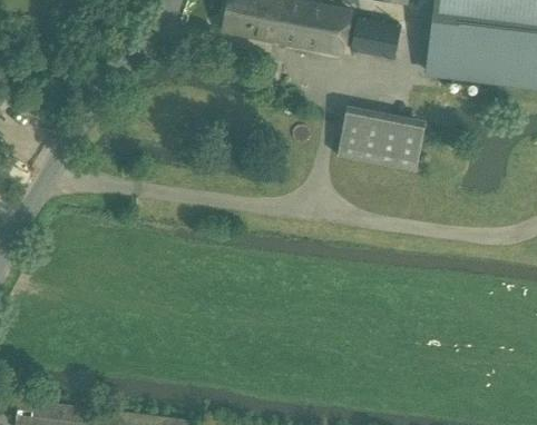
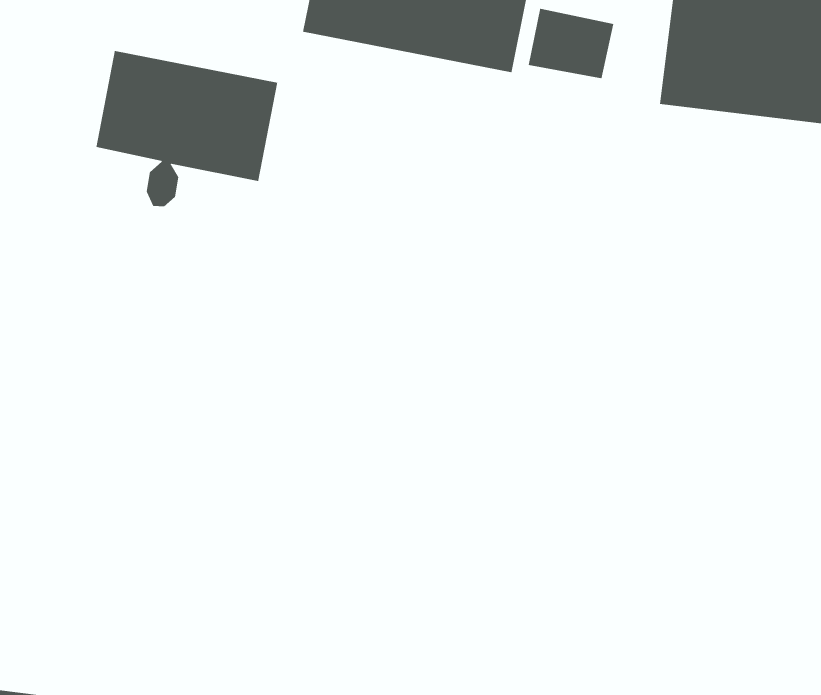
building: none -> [96,50,278,207]
building: [338,112,424,172] -> none

